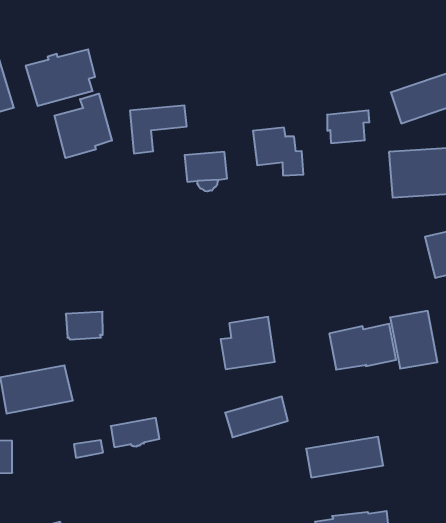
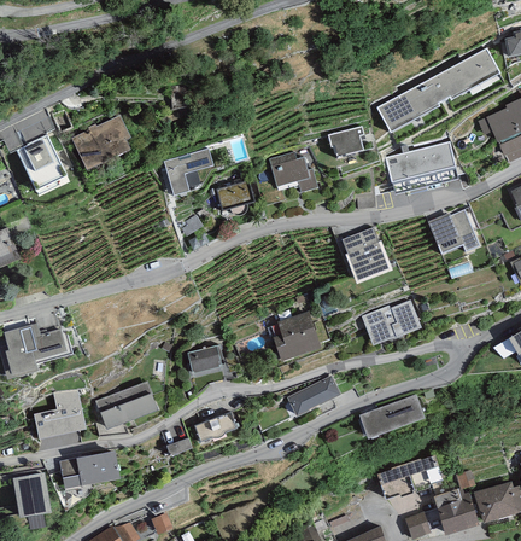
building: [54,94,112,158] -> none
building: [390,311,438,369] -> [343,228,388,280]
building: [66,312,103,339] -> [187,345,221,373]

